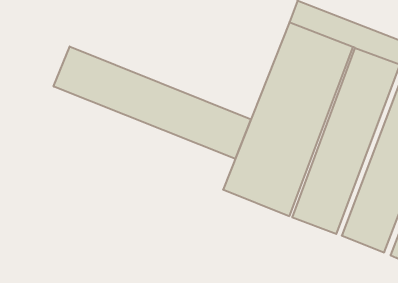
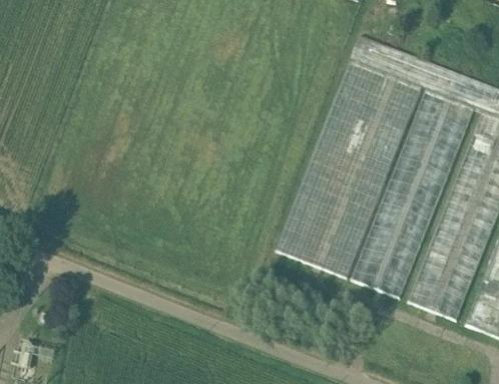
building: [54,46,251,159] -> none

